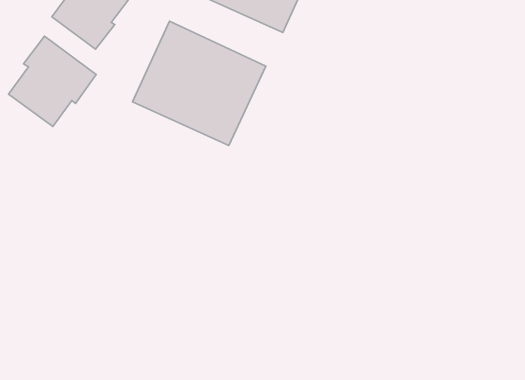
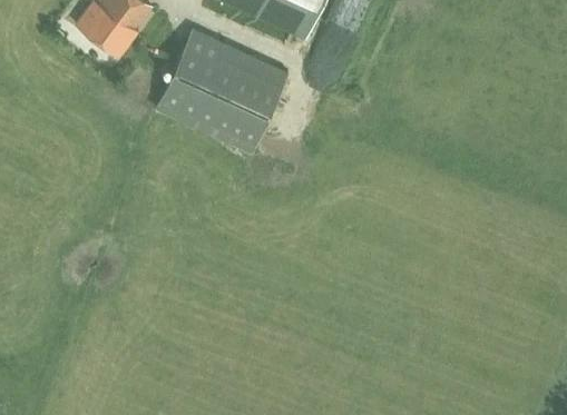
building: [8,36,96,127] -> none

